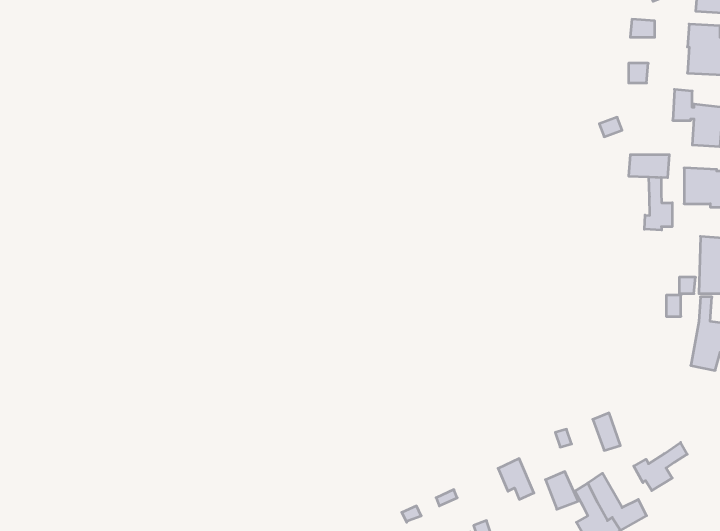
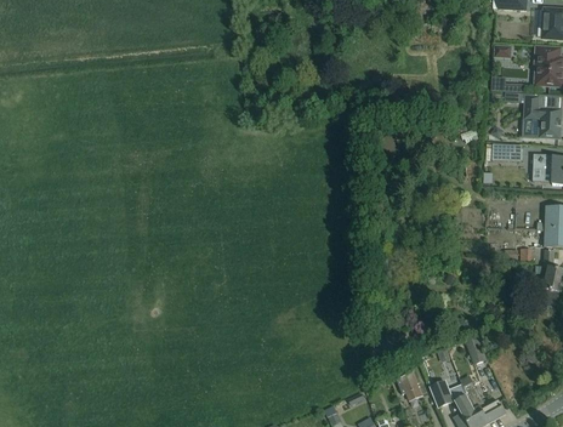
building: [644,177,672,230] -> none
building: [634,442,687,491] -> none

